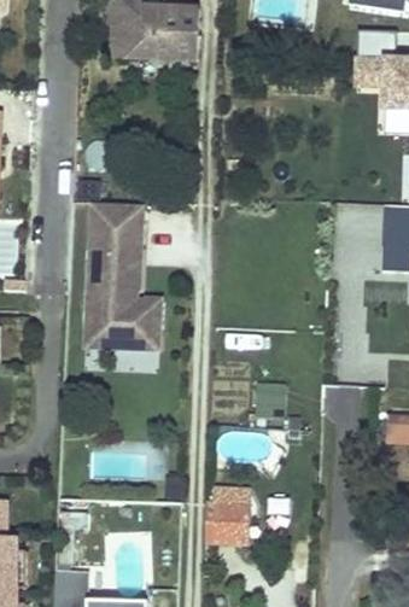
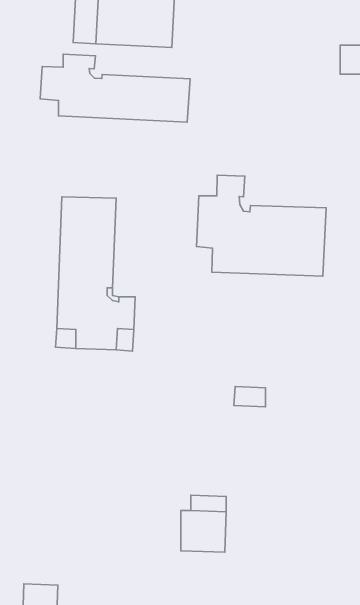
building: none -> [40,54,190,122]
building: none -> [196,175,326,276]

